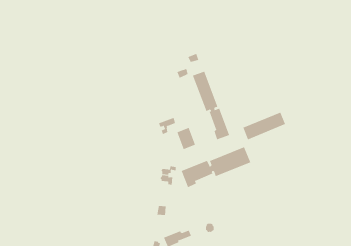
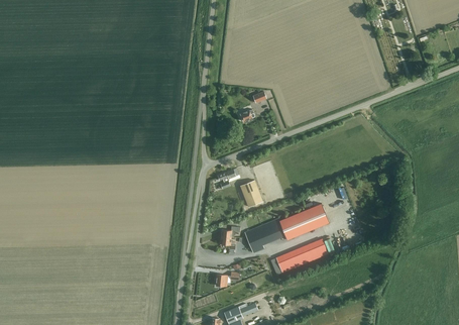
building: [192,71,230,140] -> none
building: [242,112,286,140] -> [276,238,329,273]

